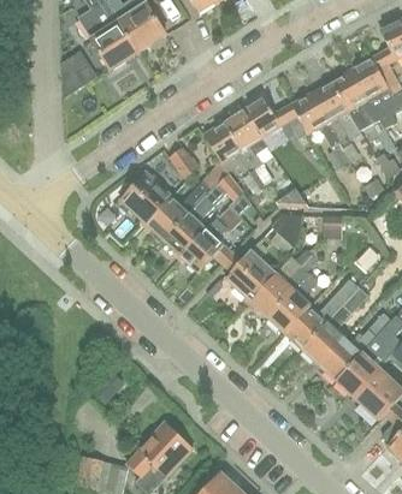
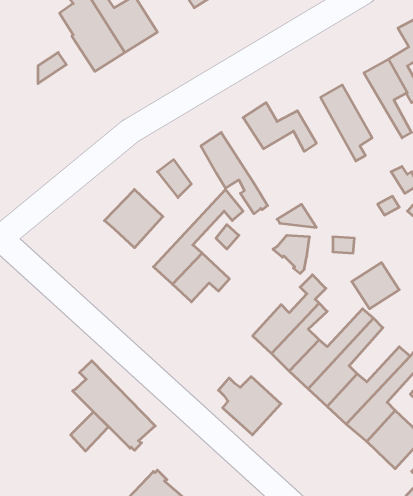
building: [331,70,379,130] -> none
building: [291,91,350,169] -> none
building: [224,109,267,169] -> none
building: [147,160,227,242] -> none
building: [221,251,277,303] -> [218,377,281,435]
building: none -> [73,361,155,450]

